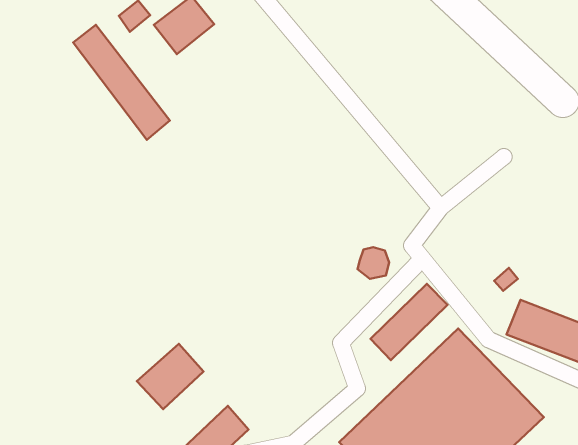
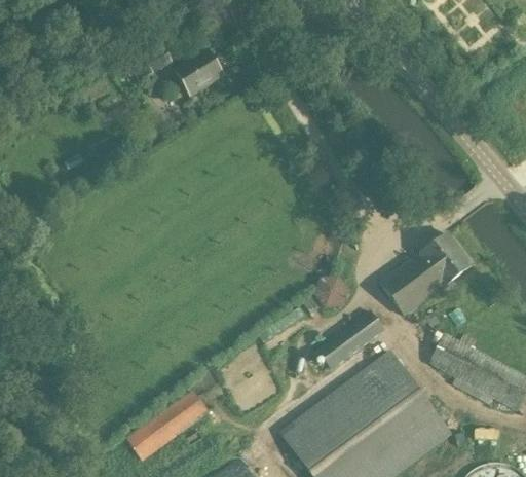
building: [73,25,170,140] -> none
building: none -> [380,233,473,316]
building: [137,344,204,409] -> none

